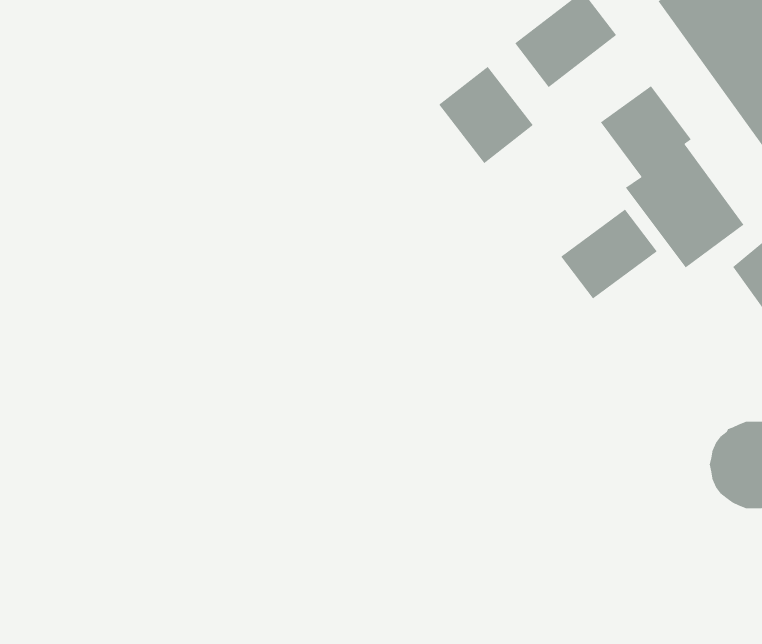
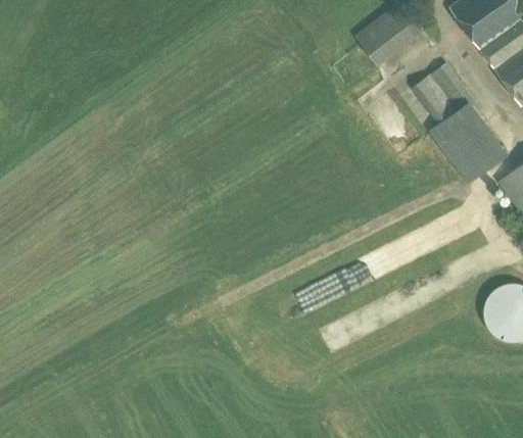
building: [438,66,534,164] -> none
building: [560,209,658,299] -> none

